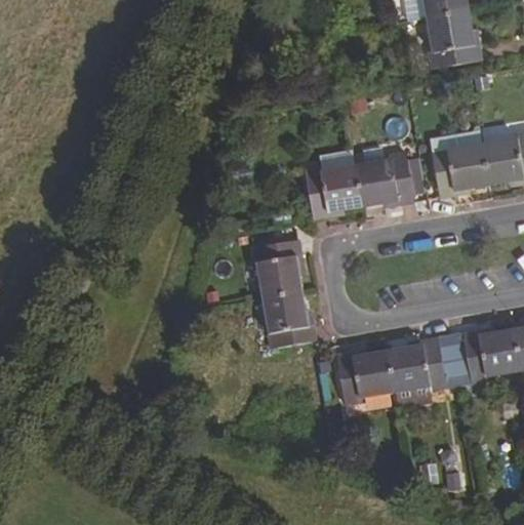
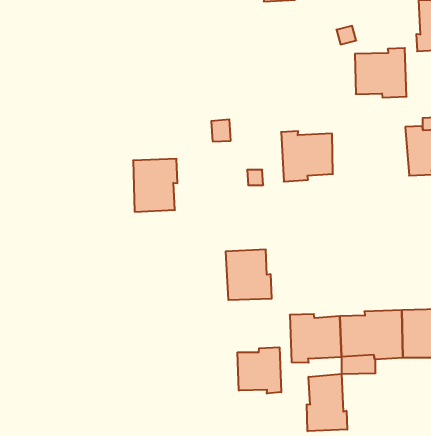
building: [357,151,415,204] -> [355,48,407,97]
building: [255,238,305,297] -> [133,159,177,212]
building: none -> [238,347,281,394]
building: none -> [307,374,347,431]

